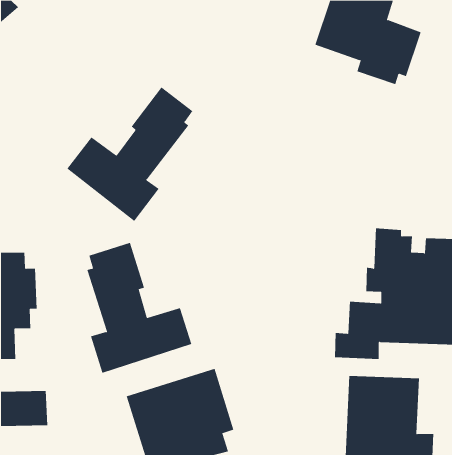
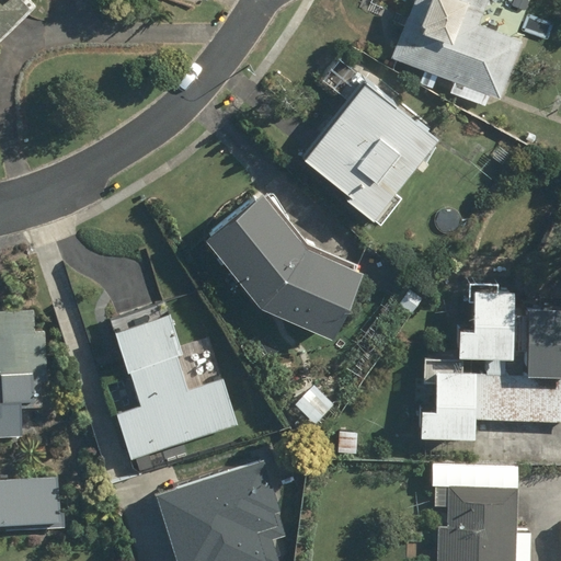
building: none -> [298,80,436,225]
building: [67,87,193,222] -> none
building: none -> [198,193,357,341]

